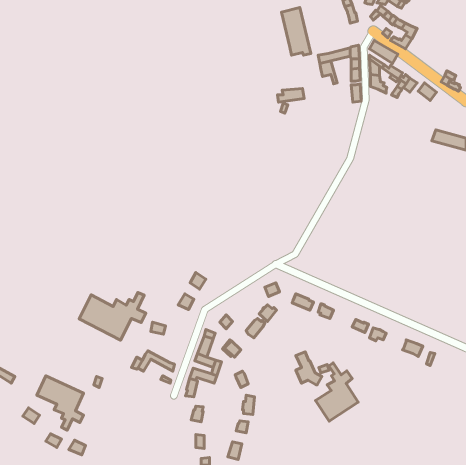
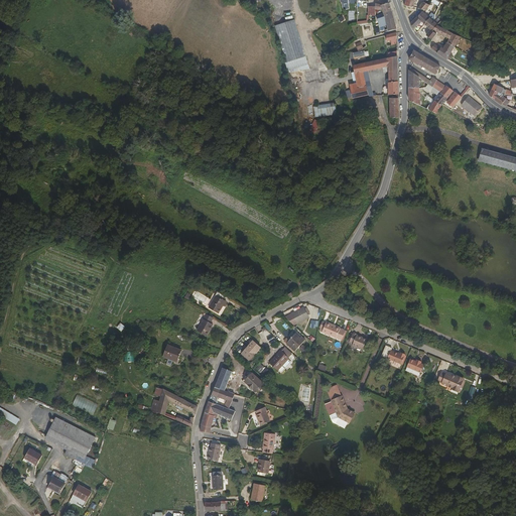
building: [281,7,311,55] -> [272,12,304,64]
building: [79,292,146,340] -> none
building: [315,363,358,421] -> none

